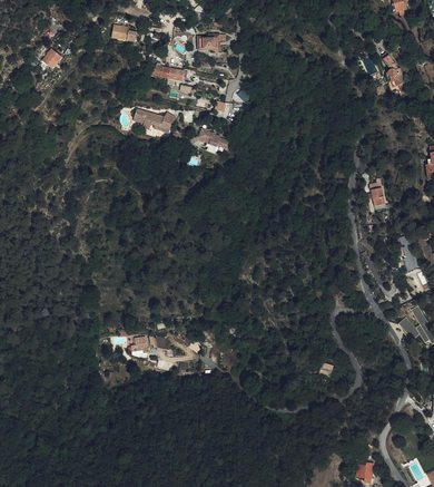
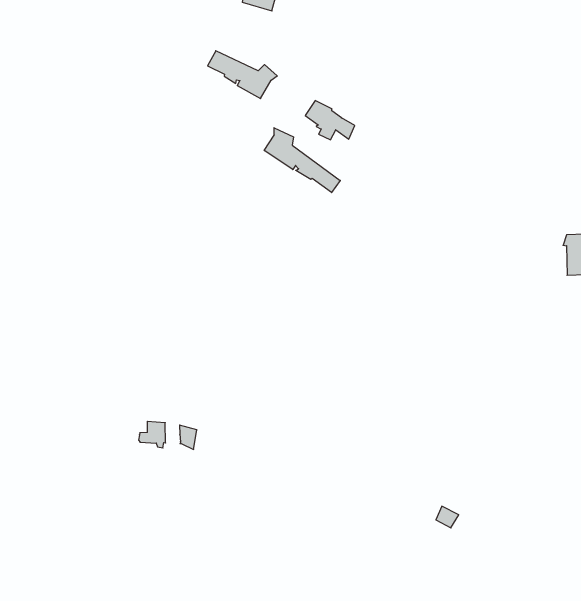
building: none -> [264,128,340,193]

